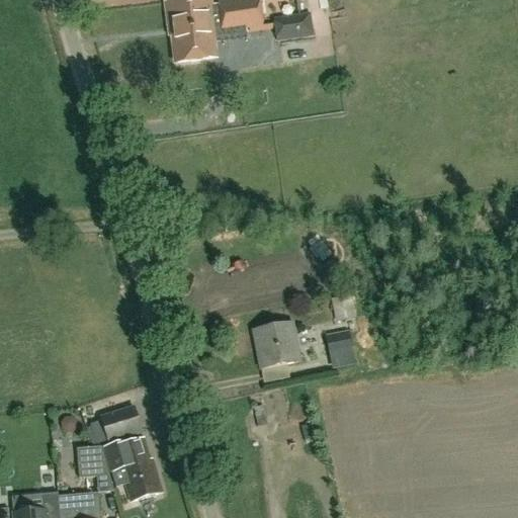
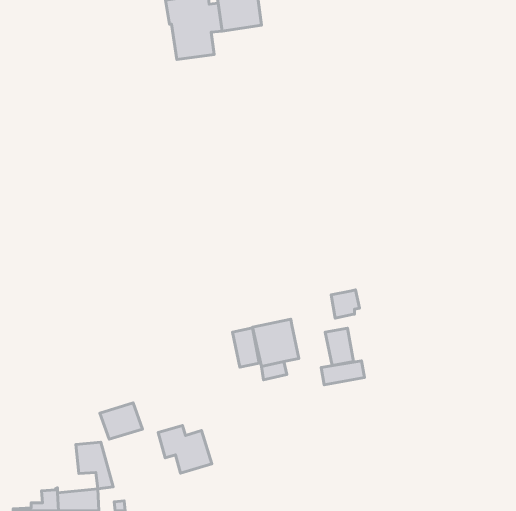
building: [273,10,315,38] -> none
building: none -> [232,328,259,367]
building: none -> [321,361,364,385]
building: [108,451,162,499] -> [158,426,212,473]

